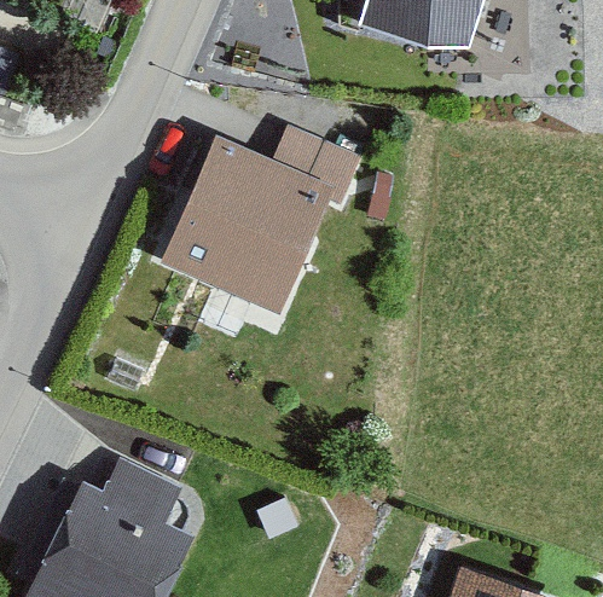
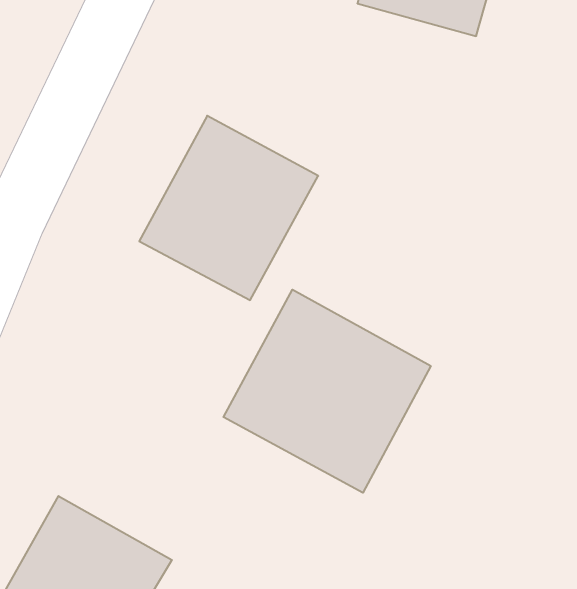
building: none -> [223,290,431,493]

